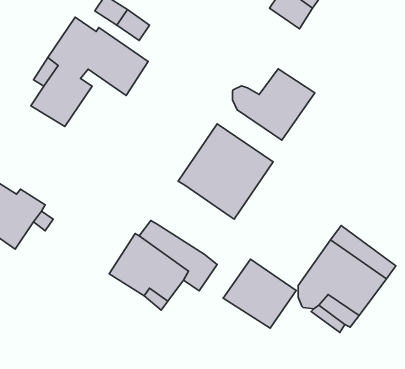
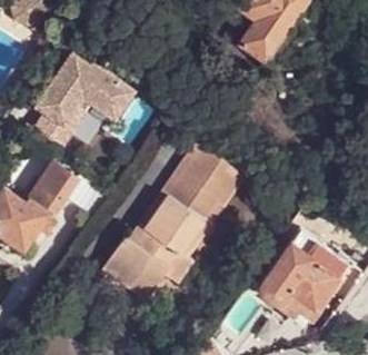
building: [233,69,315,140] -> none
building: none -> [26,161,76,213]
building: [223,259,296,328] -> [142,196,205,255]

